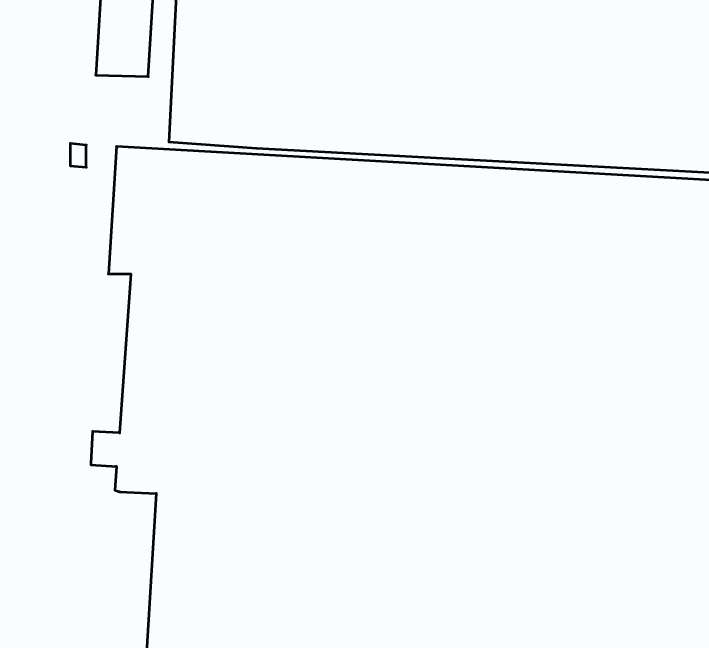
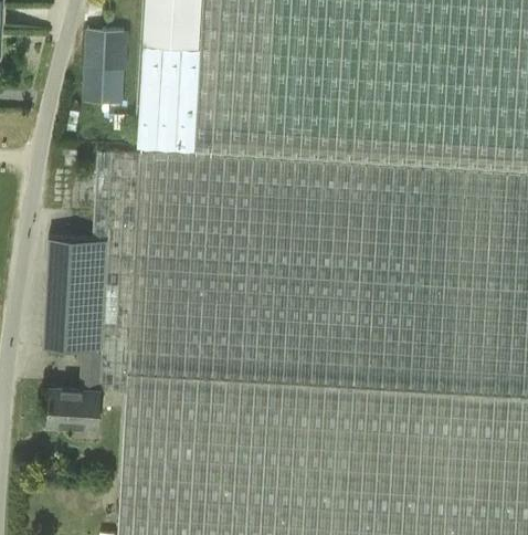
building: none -> [46,234,110,347]
building: none -> [51,369,103,423]

